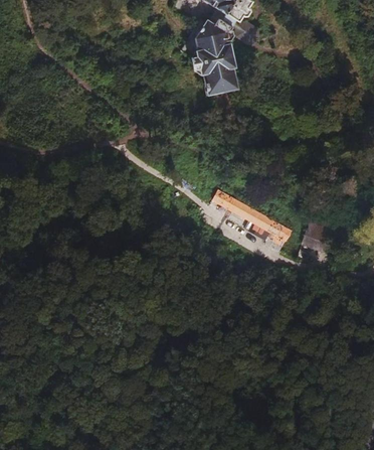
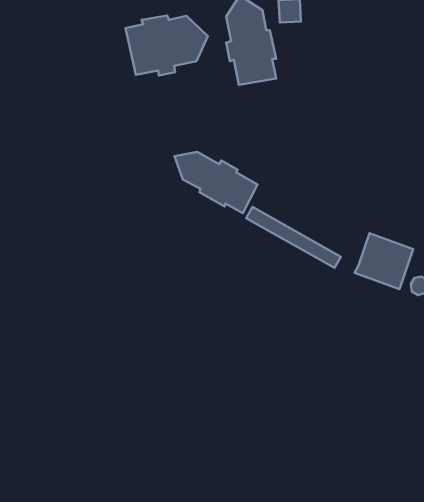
building: none -> [125,15,208,75]
building: none -> [174,152,258,213]

